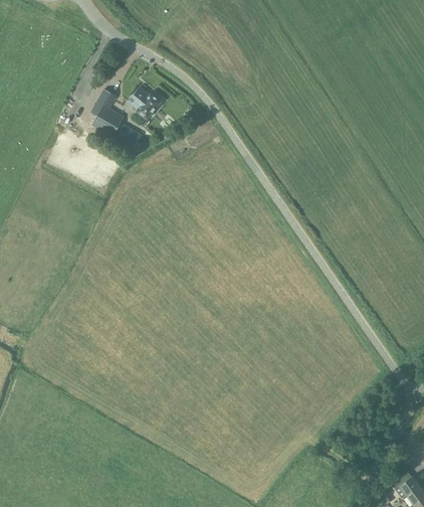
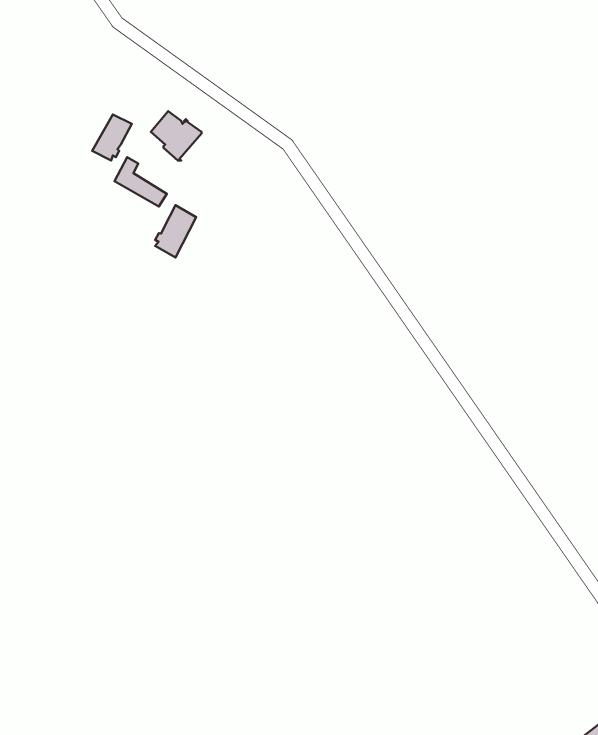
building: none -> [155,205,196,258]

